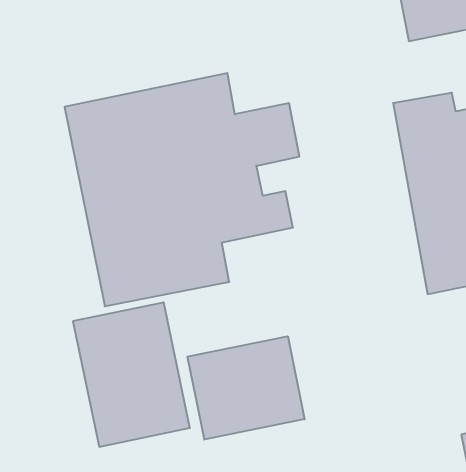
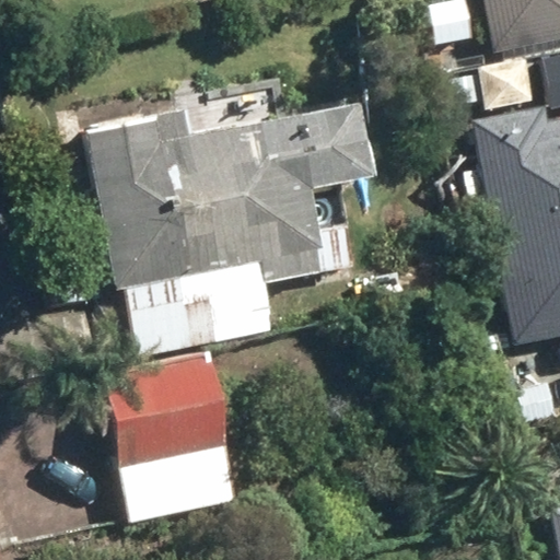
building: [187,336,305,440] -> none

